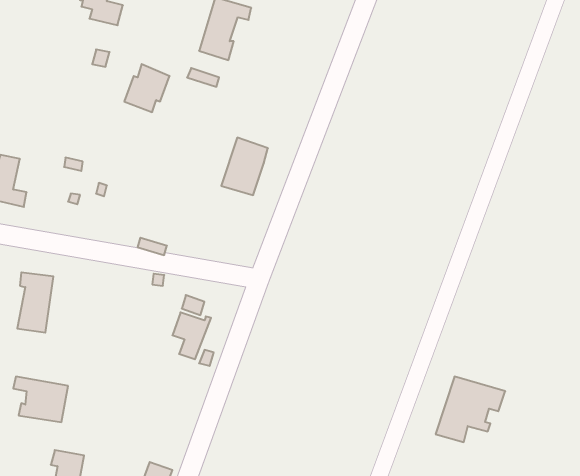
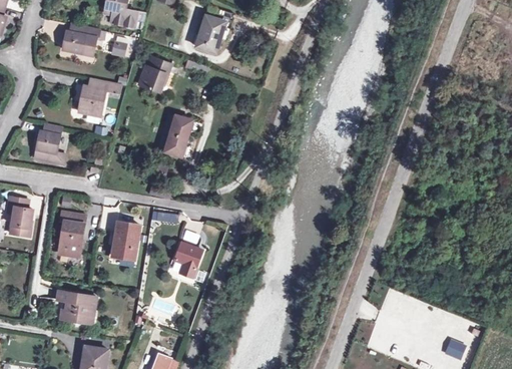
building: none -> [62,23,105,58]
building: none -> [78,77,117,113]
building: [221,138,268,195] -> [155,112,190,155]
building: none -> [110,222,138,260]

